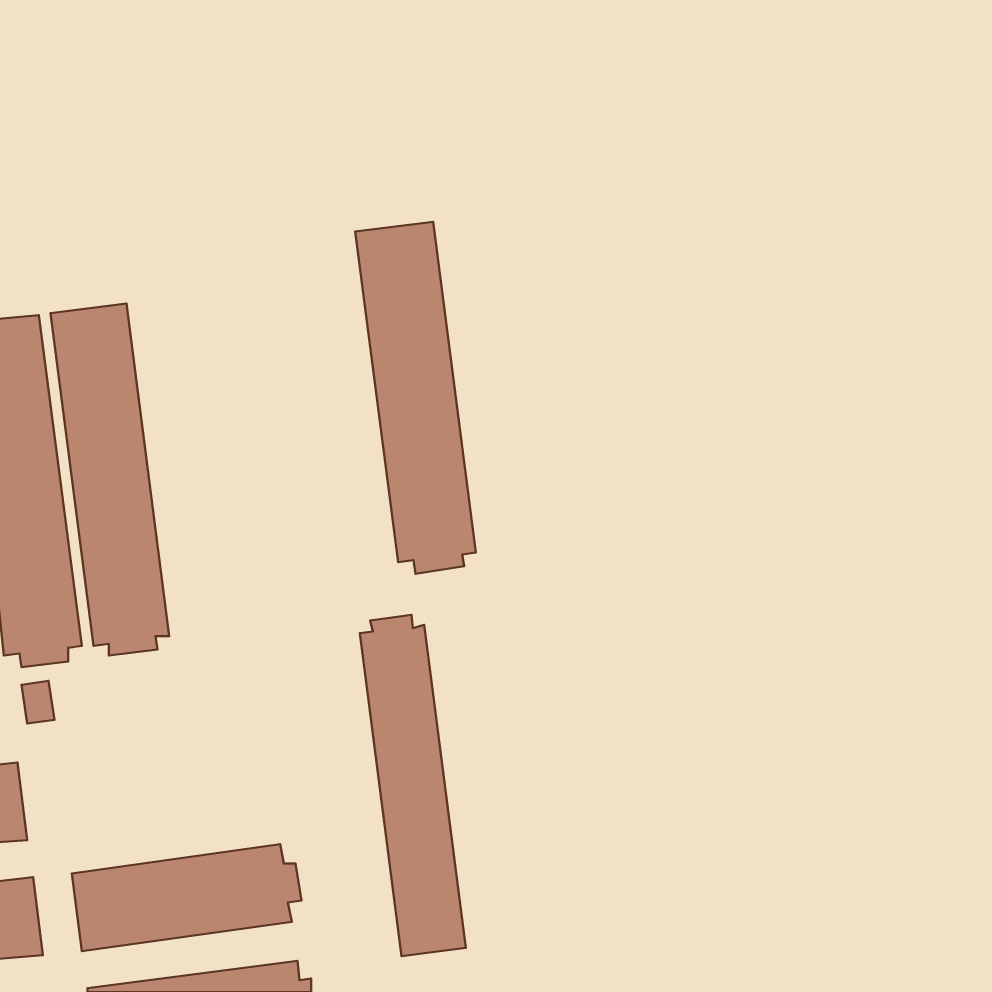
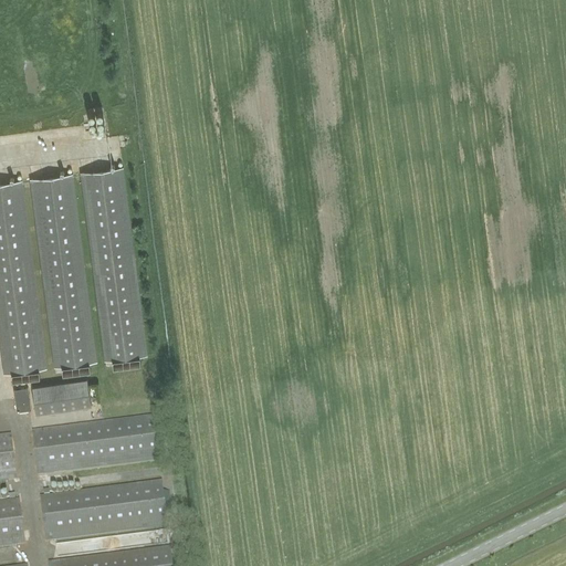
building: [355,222,476,574] -> [78,167,147,367]
building: [360,615,466,956] -> none
building: none -> [32,378,91,413]
building: none -> [32,415,163,474]

